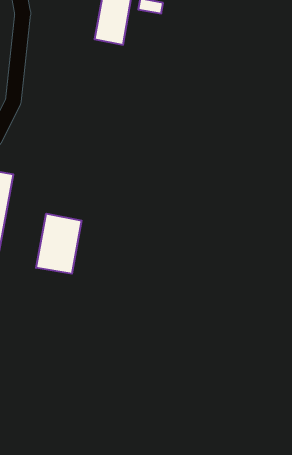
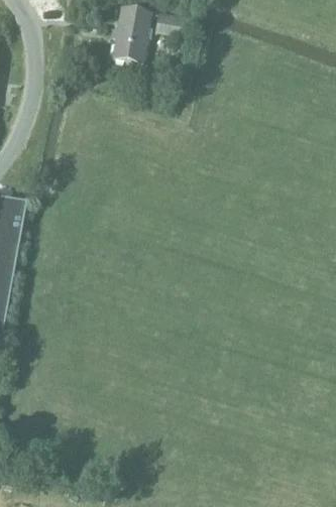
building: [36,214,82,274] -> none

